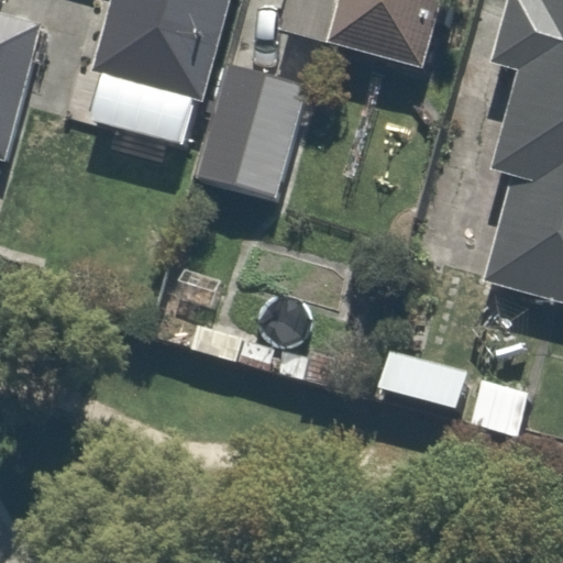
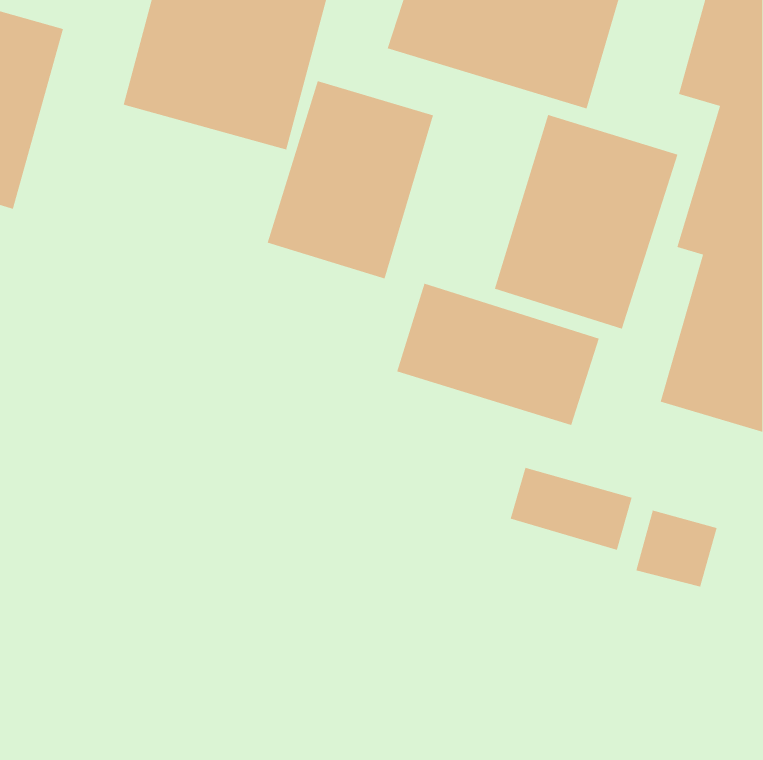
building: none -> [494,114,678,330]
building: none -> [397,283,600,426]

